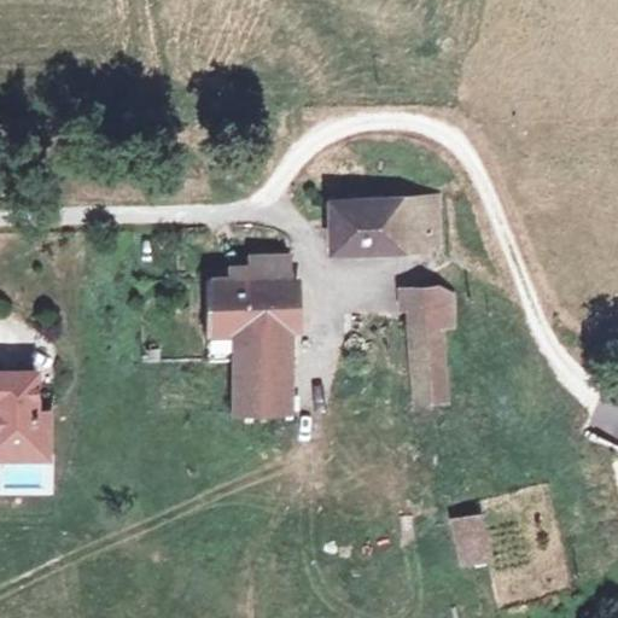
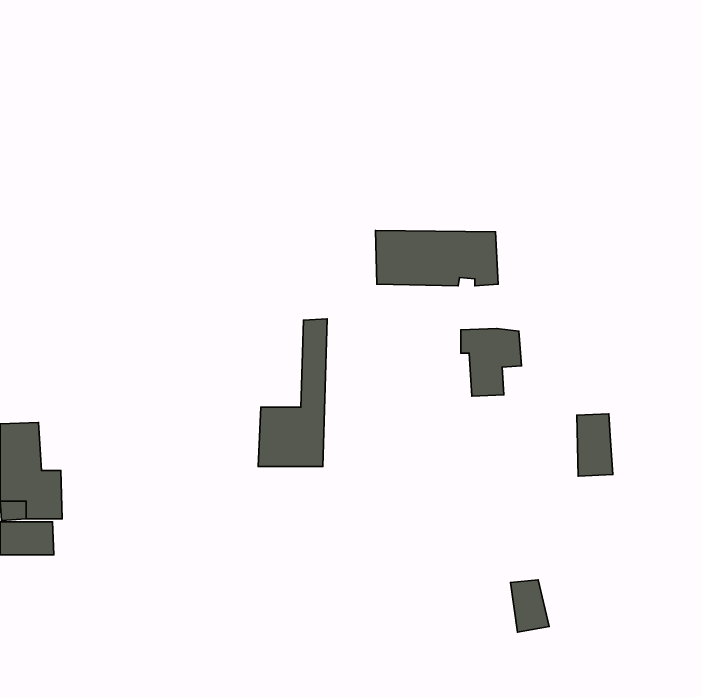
building: [204,255,290,358] -> none
building: [416,345,448,400] -> [577,414,613,476]

